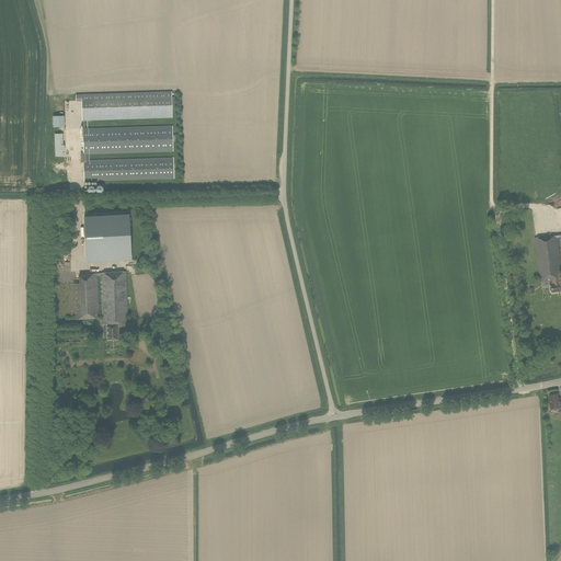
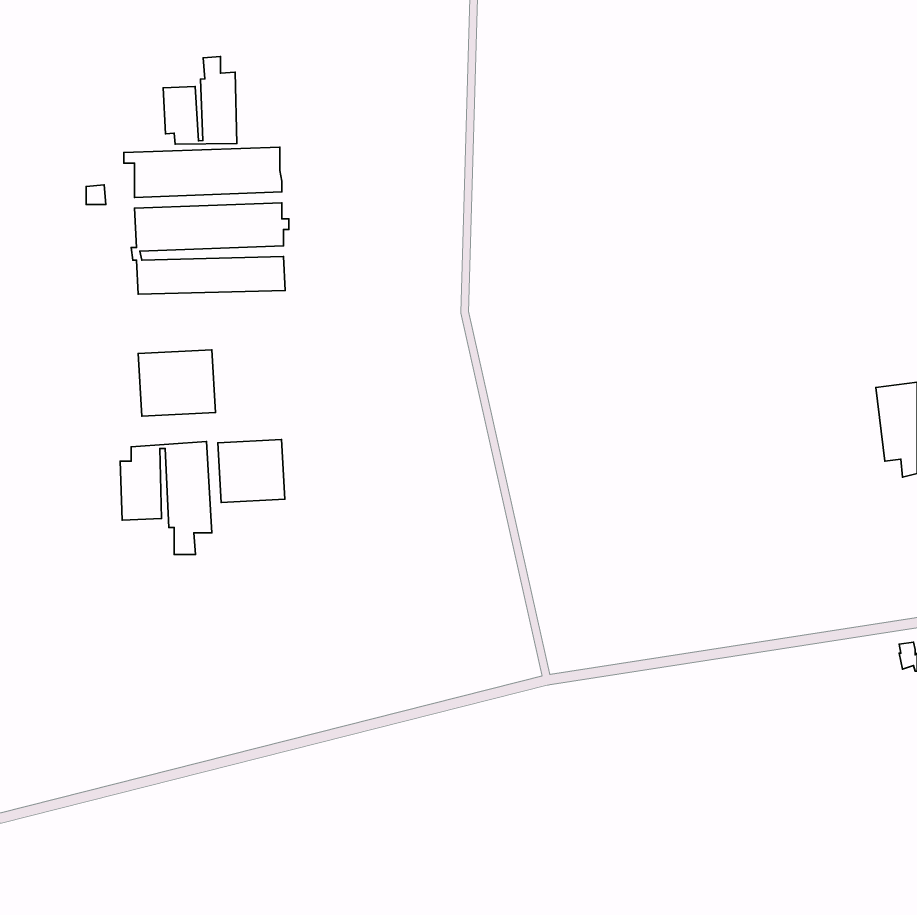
building: none -> [163,56,237,144]
building: none -> [218,440,285,502]

